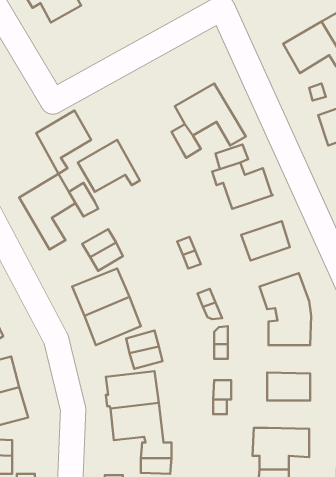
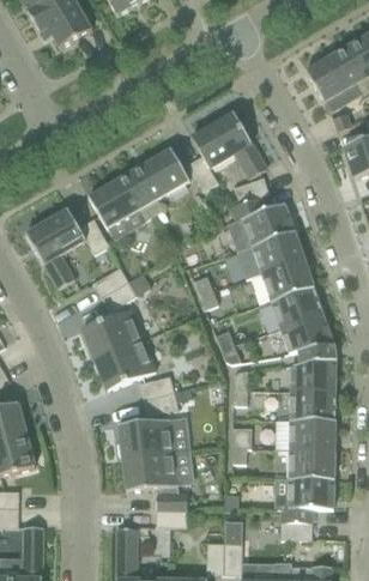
building: [36,111,91,174] -> [129,149,188,216]
building: none -> [235,231,304,279]
building: none -> [271,286,322,328]
building: none -> [289,391,334,420]
building: none -> [289,449,334,479]

